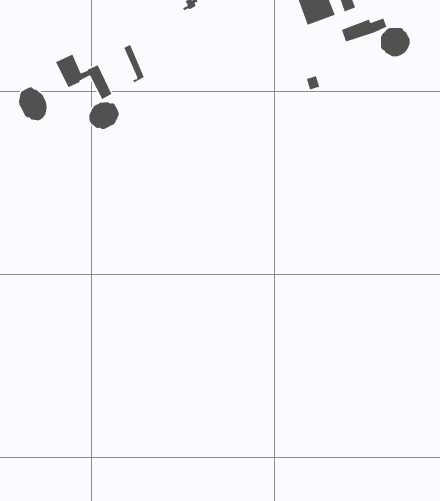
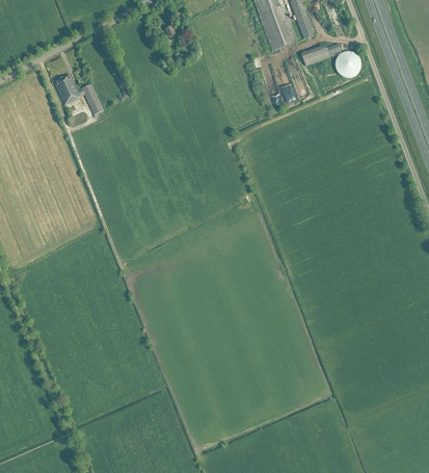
building: [18,86,47,121] -> none
building: [88,101,120,130] -> none

